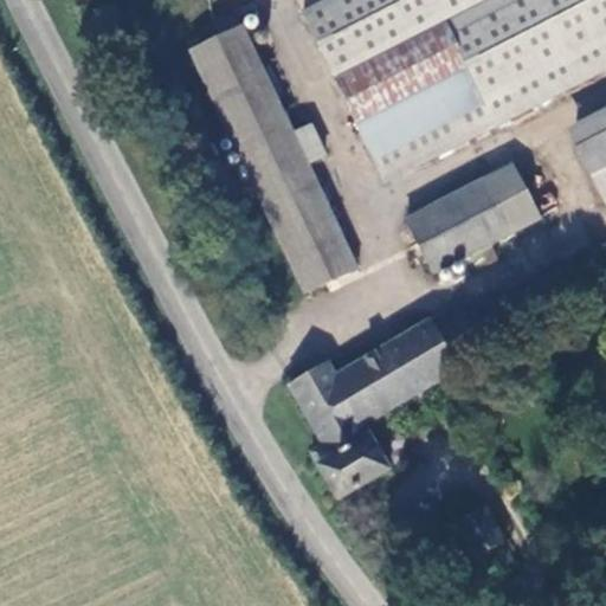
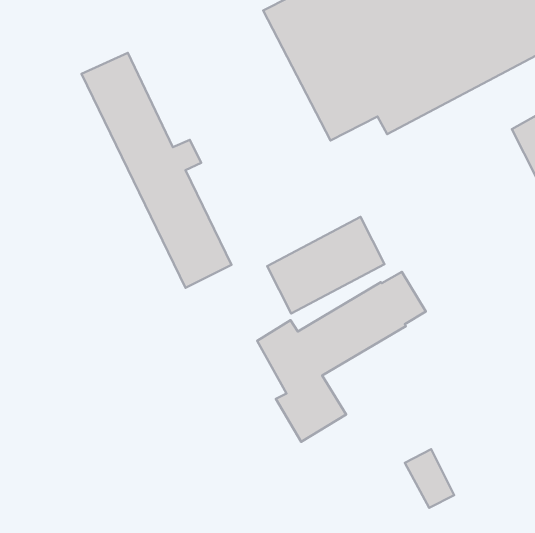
building: [189,26,359,291] -> [82,53,232,288]
building: [407,162,540,271] -> [267,217,385,313]

